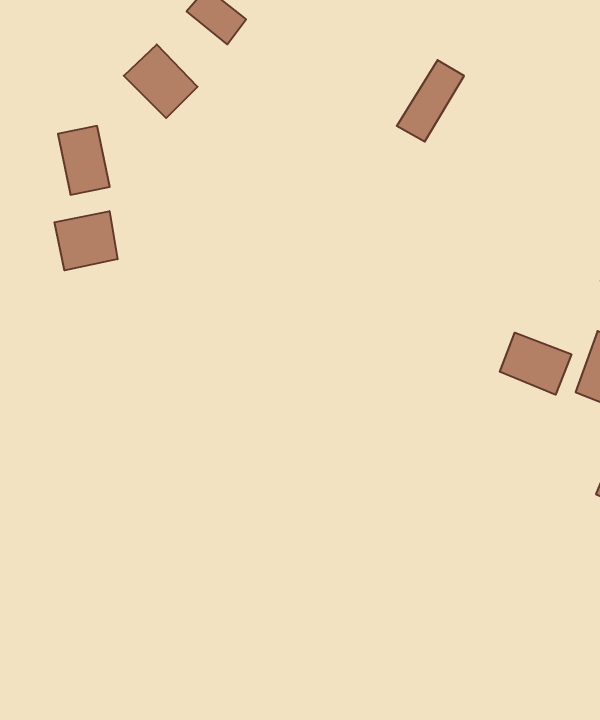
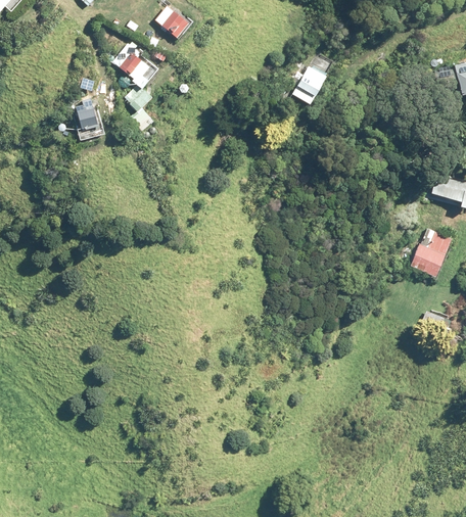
building: [54,211,118,270] -> none
building: [500,333,571,395] -> none

